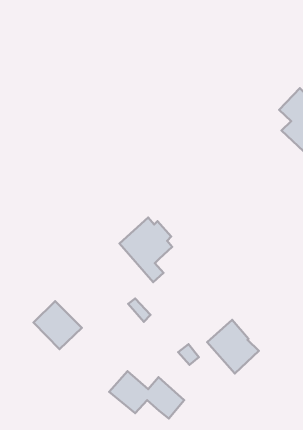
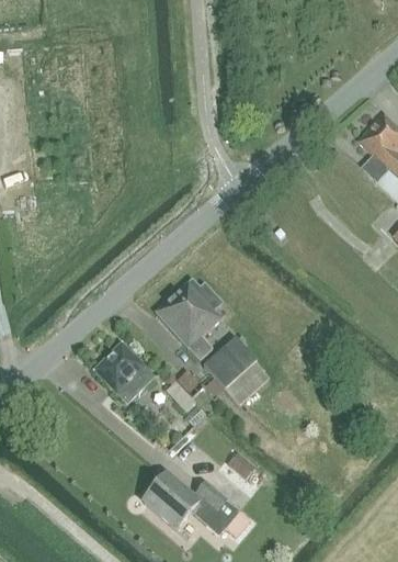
building: [34,301,82,349] -> [93,341,155,403]
building: [207,320,259,373] -> [203,336,269,404]

